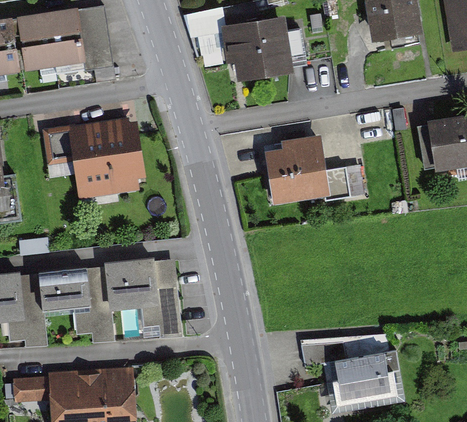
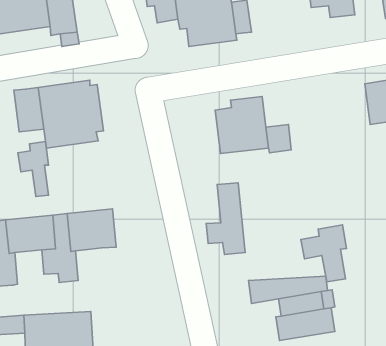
building: none -> [18,142,49,196]
building: [140,258,183,337] -> [206,183,245,254]
building: none -> [301,225,346,282]

